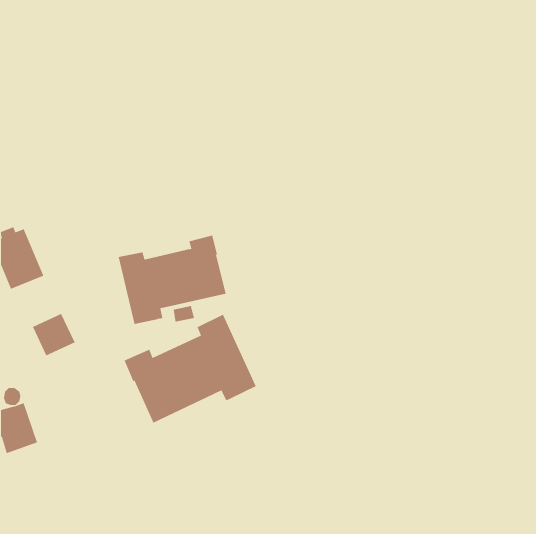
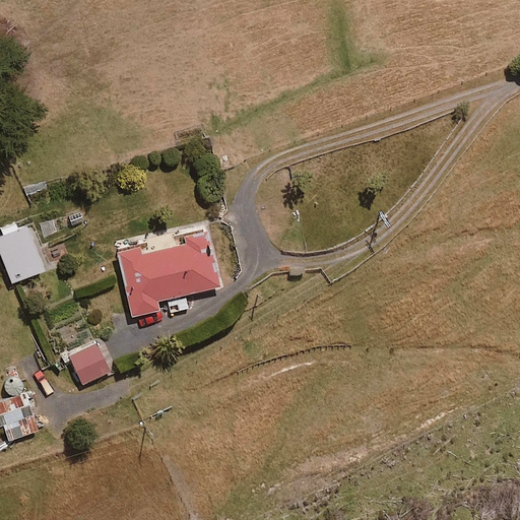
building: [32,313,75,356] -> [69,344,111,386]
building: [124,314,257,423] -> none

